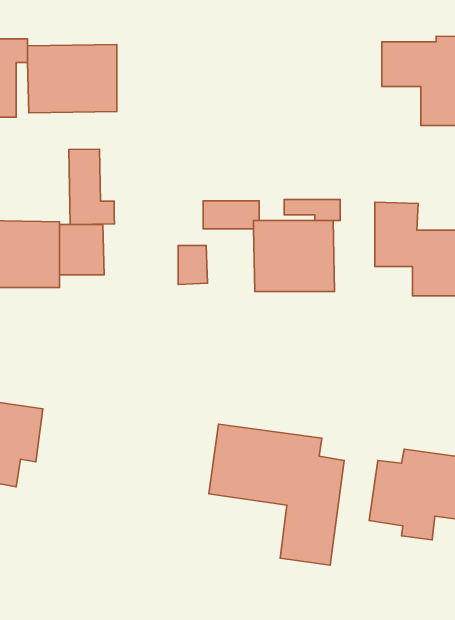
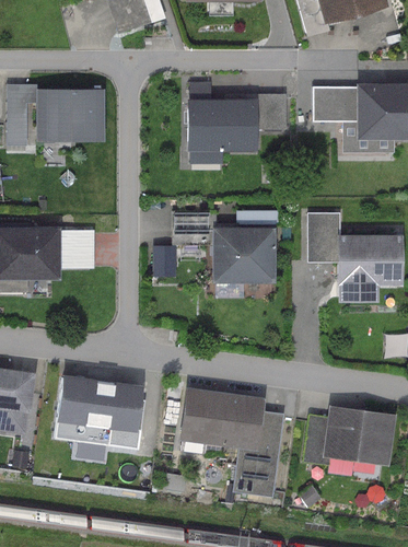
building: none -> [187,81,285,151]
building: [69,149,114,225] -> none
building: none -> [53,374,144,444]

